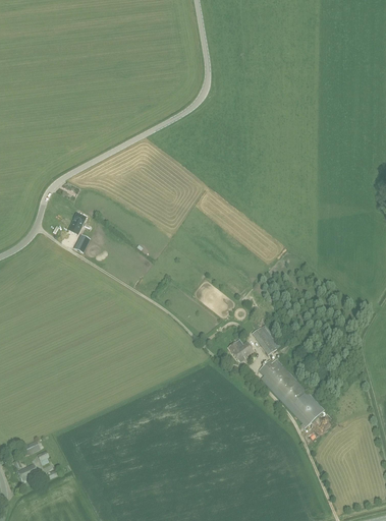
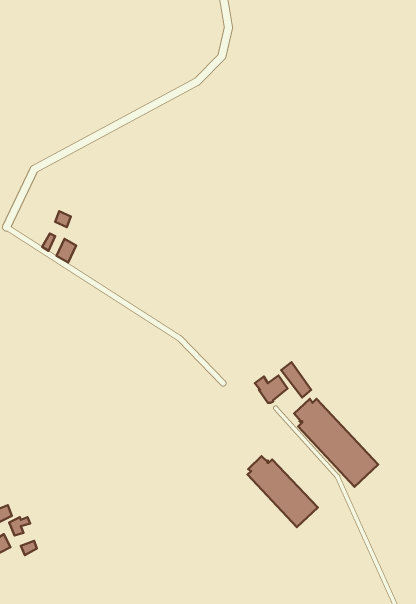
building: none -> [248,456,318,527]

